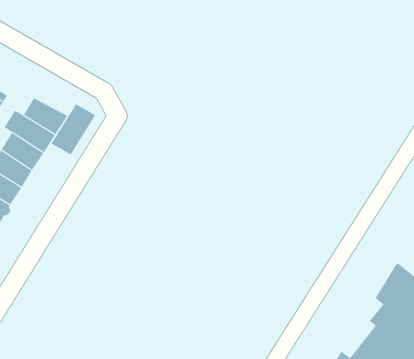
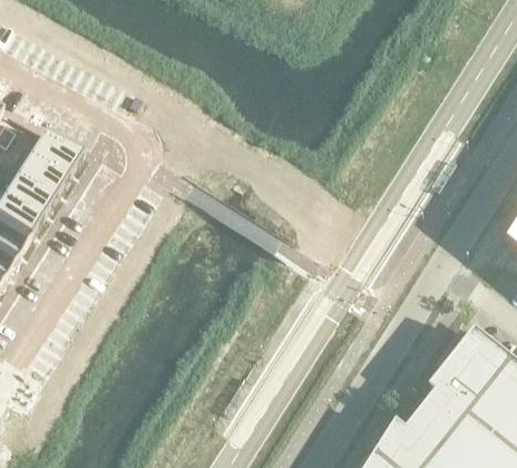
building: [51,104,96,155] -> none

